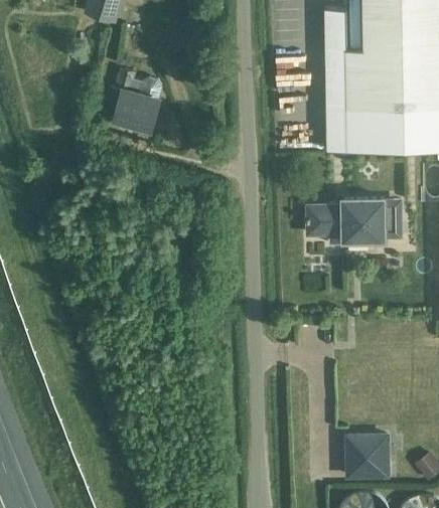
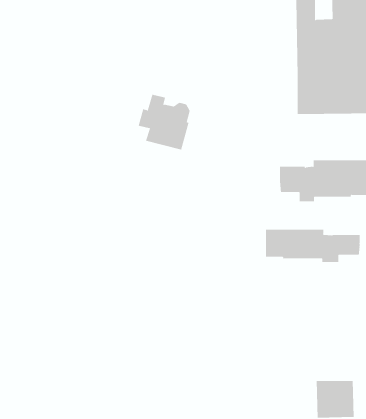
building: [106,69,162,130] -> [138,94,190,150]
building: none -> [265,229,360,263]

